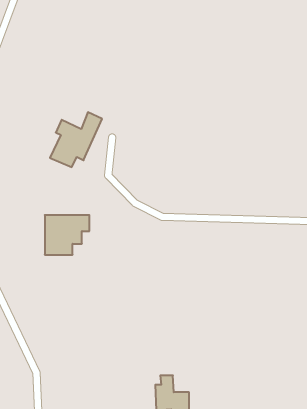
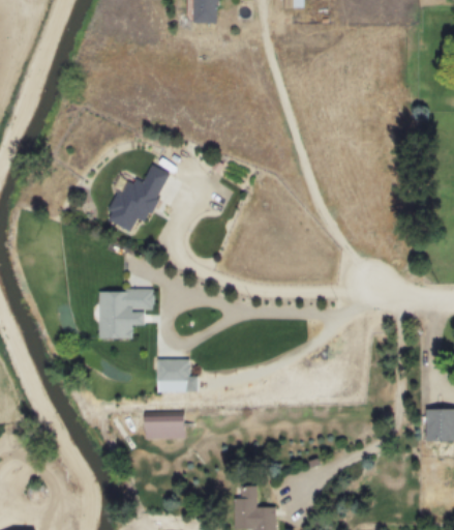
building: none -> [157,359,198,392]
building: none -> [144,412,183,438]

